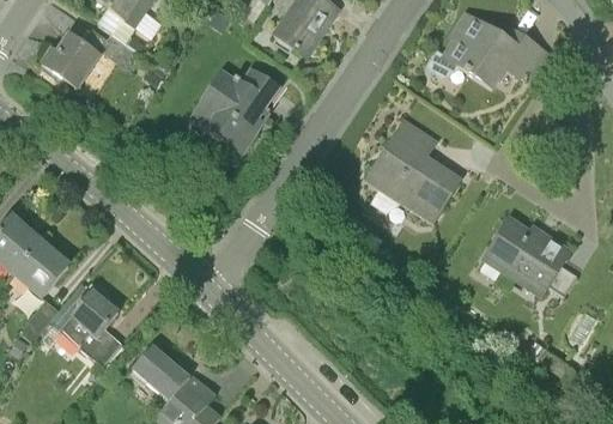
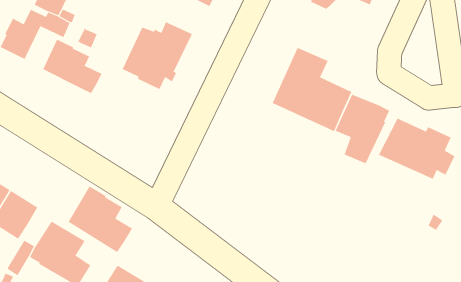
building: none -> [42,39,102,94]
building: none -> [335,94,390,164]
building: none -> [68,185,133,253]

